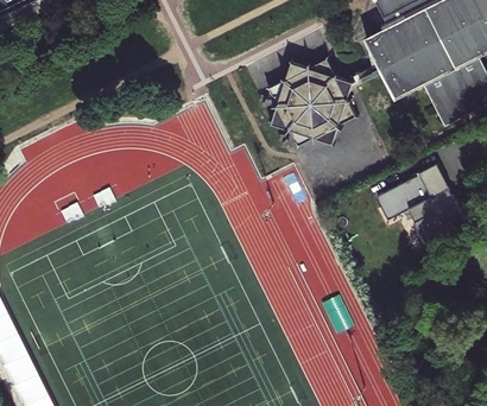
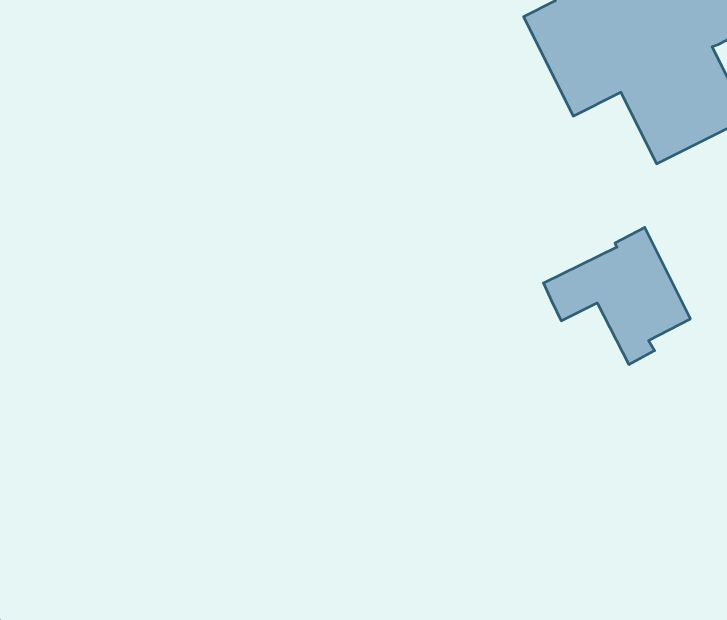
building: [267,59,354,146] -> none

